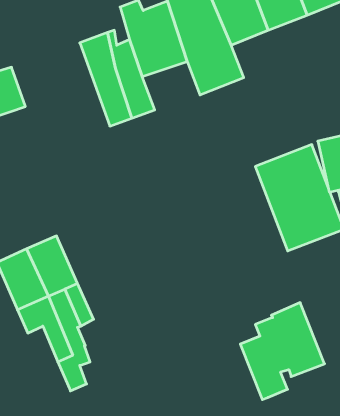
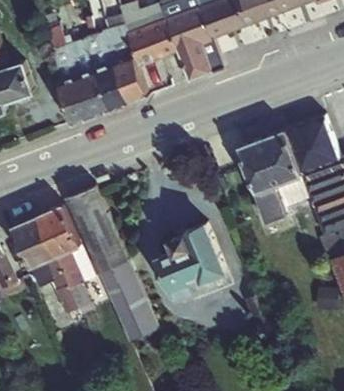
building: none -> [41,12,110,126]
building: none -> [65,187,160,343]
building: [240,303,325,400] -> [156,221,229,305]

